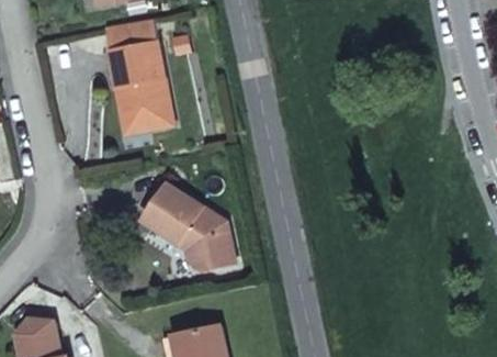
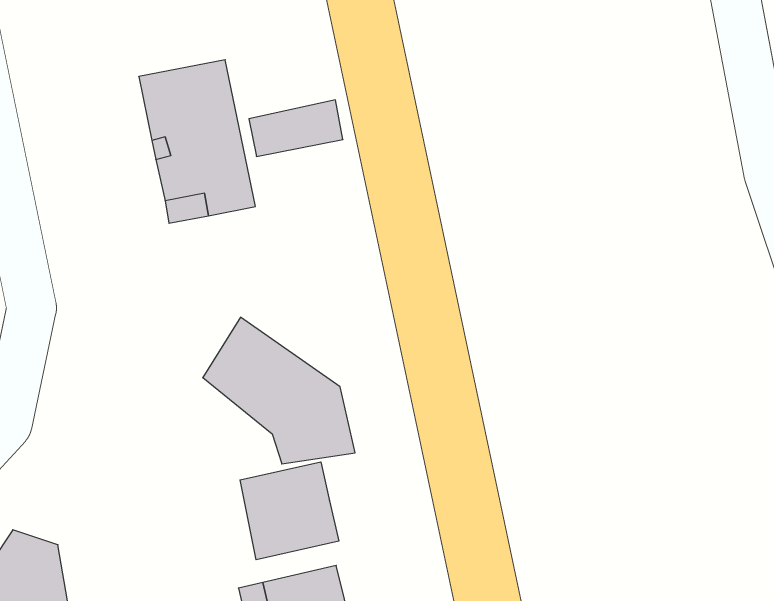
building: [101,13,156,46] -> [249,100,343,156]
building: none -> [240,462,339,560]

